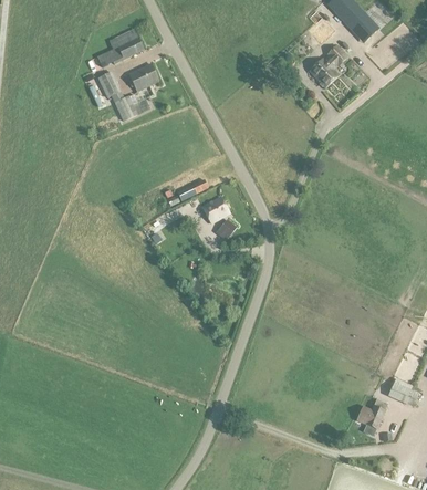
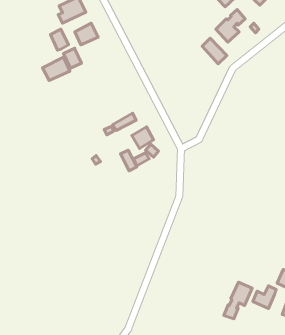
building: none -> [202,38,227,64]
building: none -> [43,57,70,81]
building: none -> [224,282,252,319]

